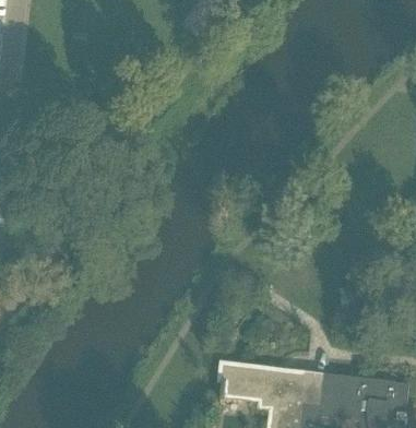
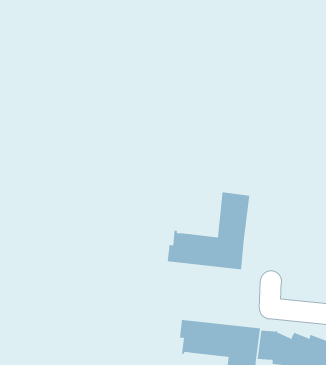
building: none -> [167,192,250,270]

